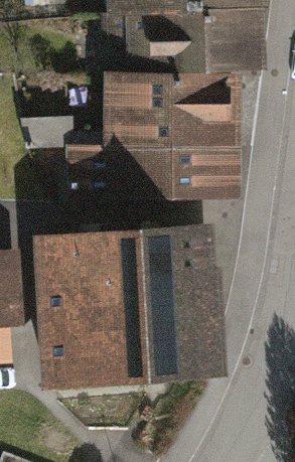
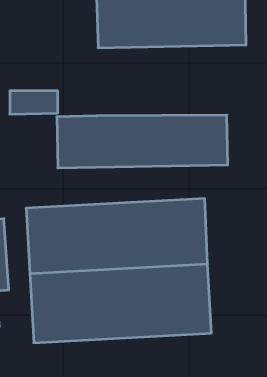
building: [108,76,245,142] -> none

